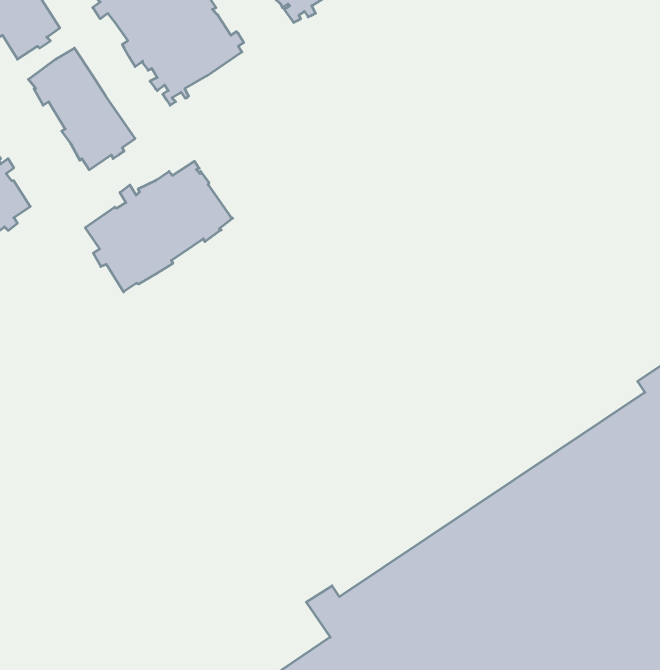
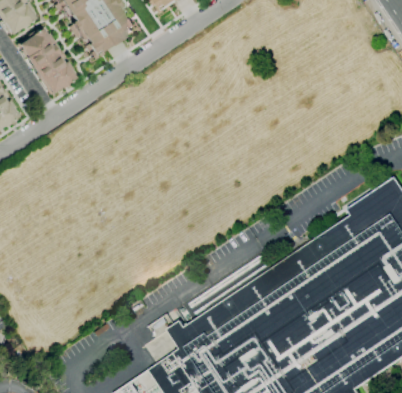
building: [85,161,233,292] -> none

